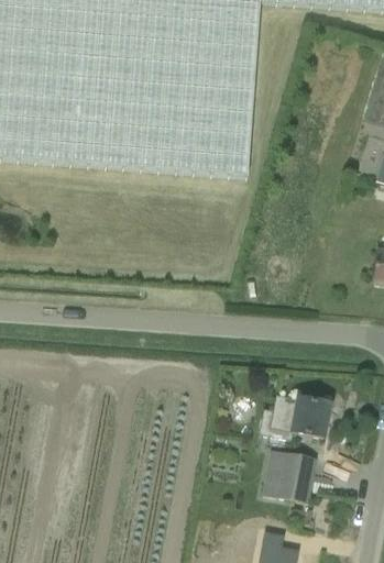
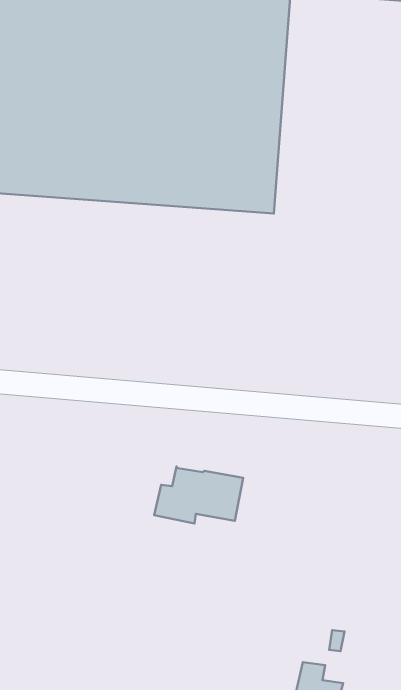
building: [257,394,328,439] -> [154,467,243,524]
building: [261,452,314,501] -> none

